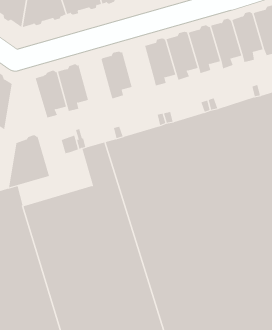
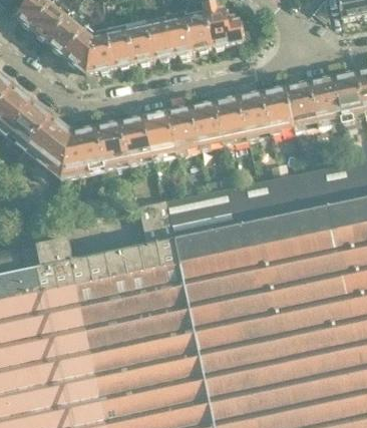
building: none -> [188,101,218,151]
building: none -> [140,111,170,161]
building: [8,135,50,188] -> [56,125,101,179]

